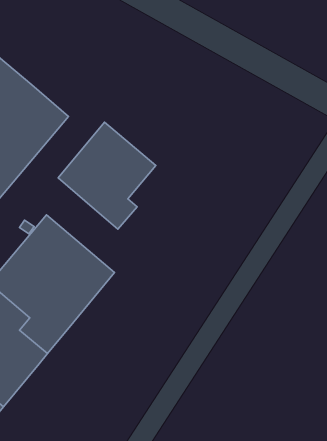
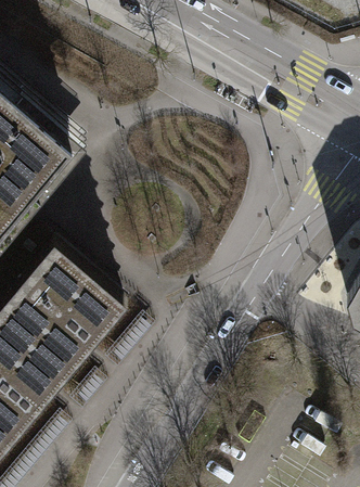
building: [58,122,156,229] -> none

